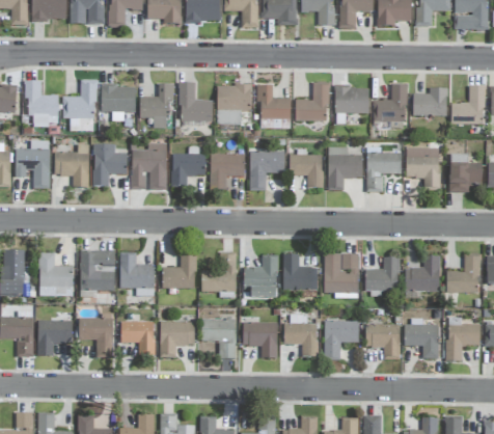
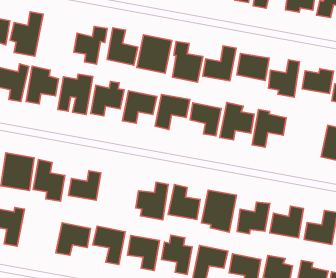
building: [100,84,135,112] -> none
building: [406,147,439,189] -> none
building: [201,251,236,292] -> none
building: [120,321,154,355] -> none

